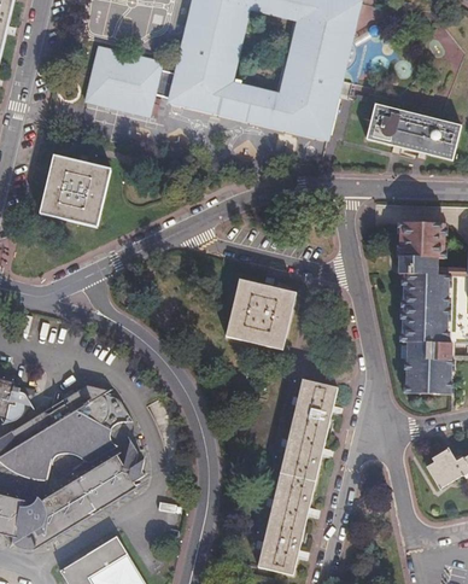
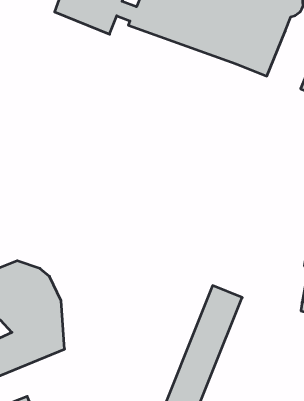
building: [41,154,111,223] -> none
building: [224,280,296,352] -> none

